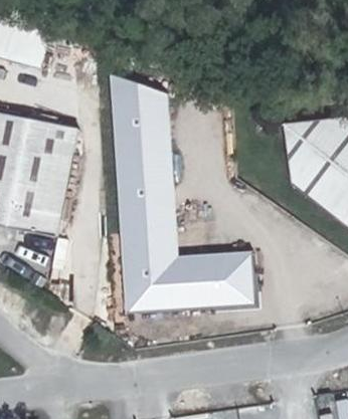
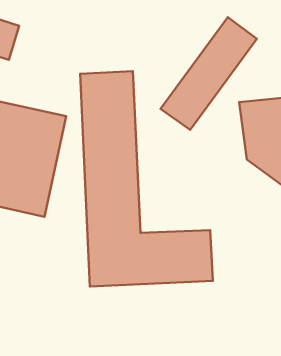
building: none -> [160,17,257,130]

